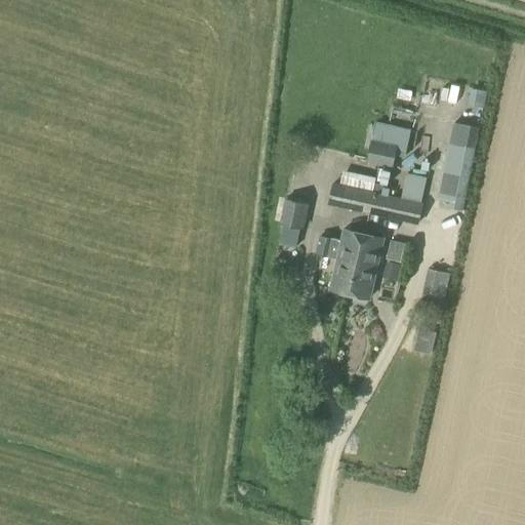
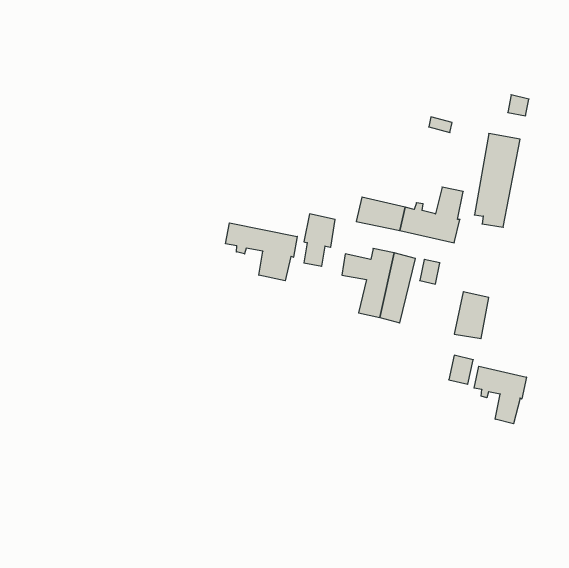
building: [367,121,411,167] -> none
building: none -> [226,223,297,281]
building: none -> [474,366,526,424]

